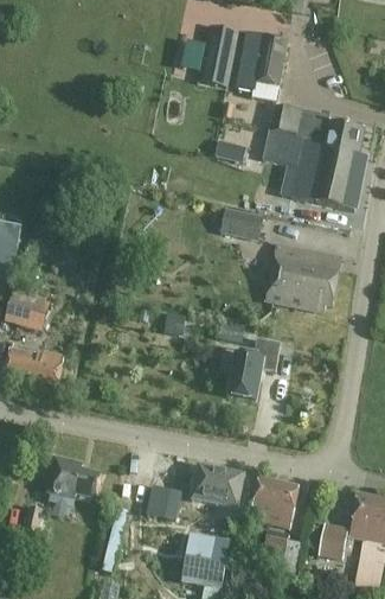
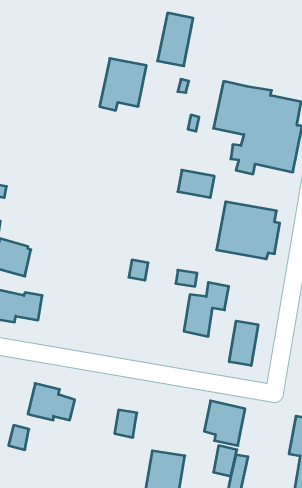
building: [233,32,288,93] -> [100,58,146,110]
building: none -> [229,321,258,366]
building: [191,464,244,509] -> none
building: [319,523,348,560] -> none

